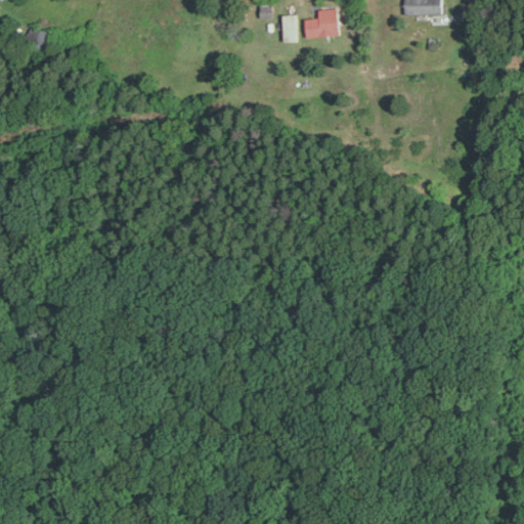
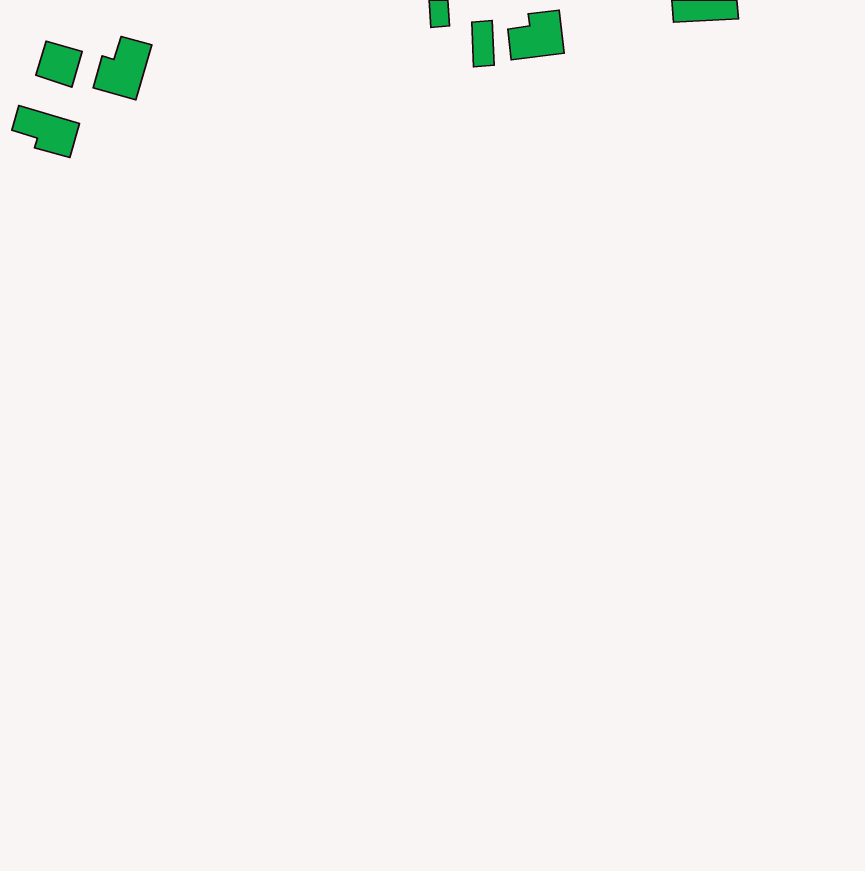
building: none -> [93,36,152,100]
building: none -> [12,106,80,158]

